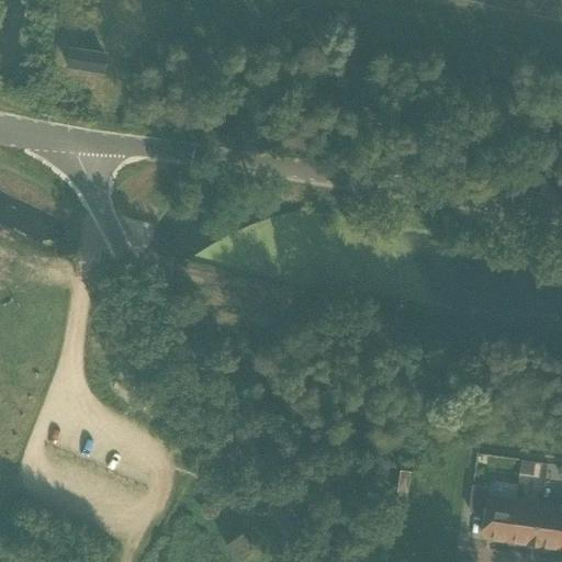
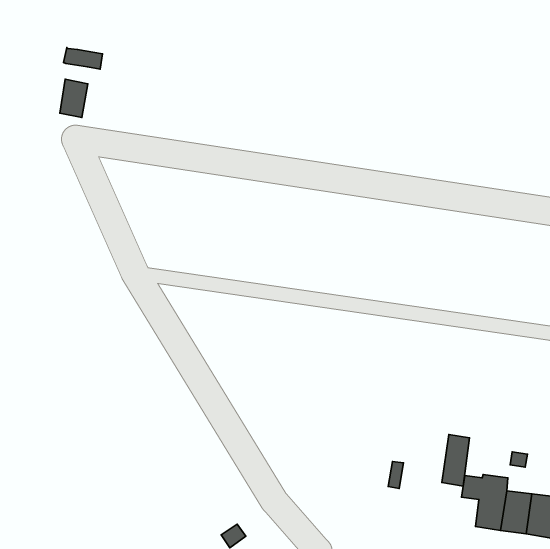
building: none -> [60,79,88,117]
building: none -> [442,435,470,486]

